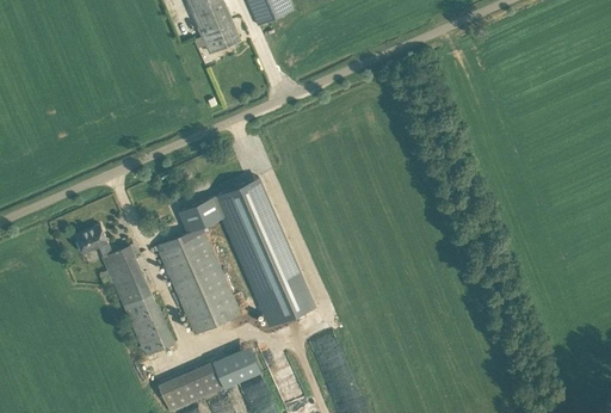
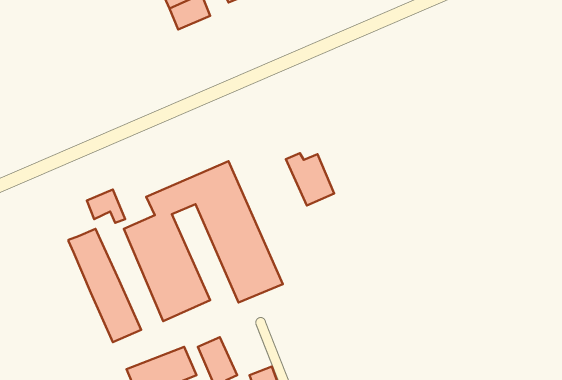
building: none -> [286,153,334,205]
building: [75,223,112,255] -> [87,190,125,223]

